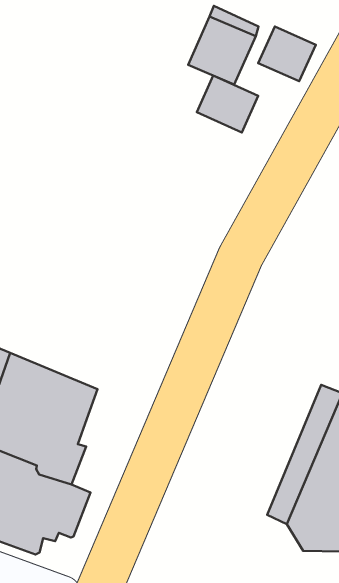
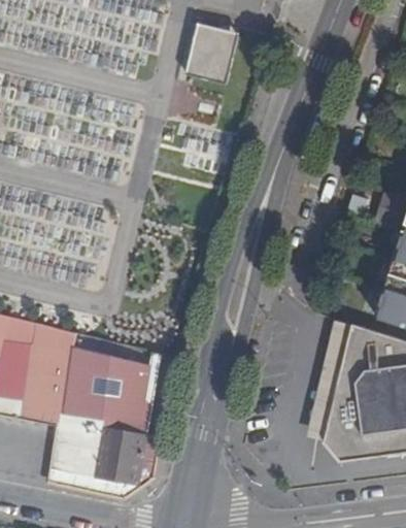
building: [258,27,316,81] -> none
building: [197,75,258,132] -> none

